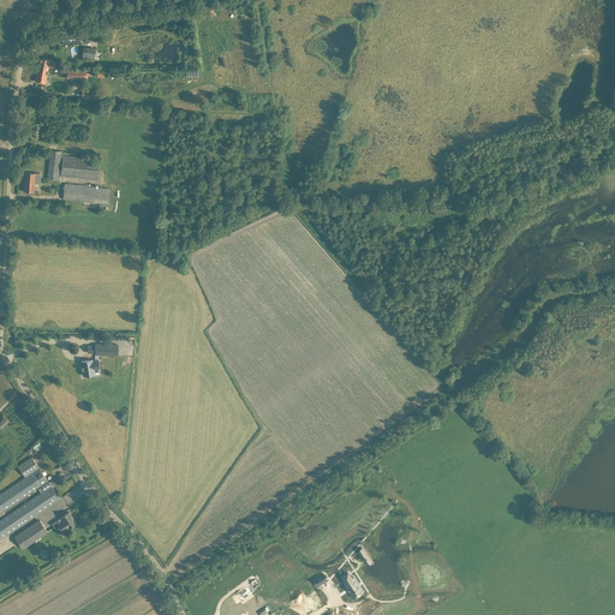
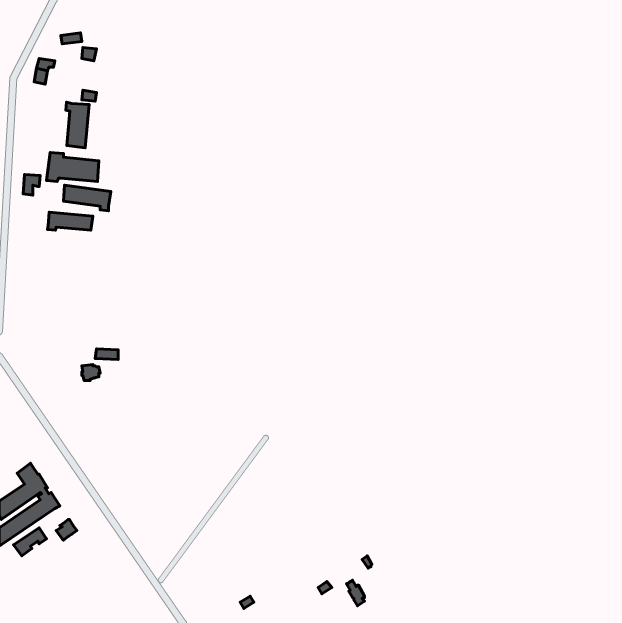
building: none -> [66,102,89,148]
building: none -> [47,212,93,230]

